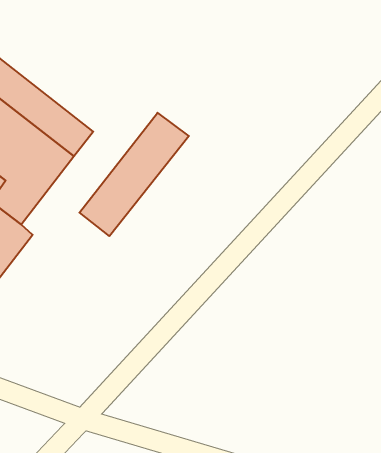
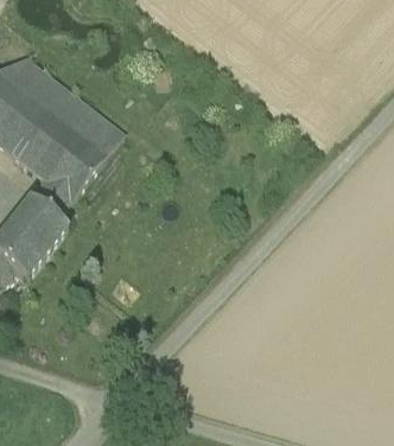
building: [79,113,189,236] -> none

